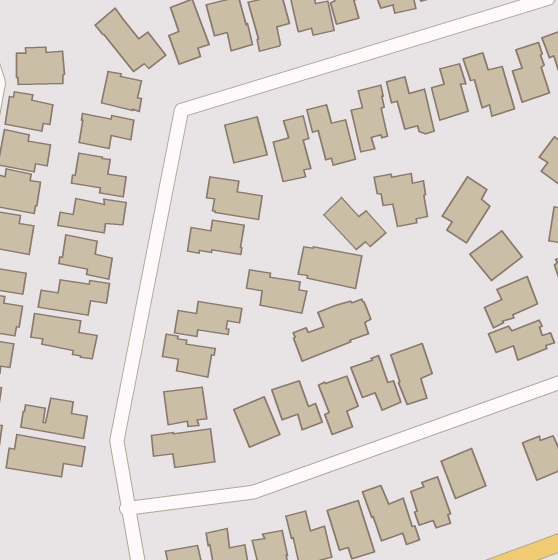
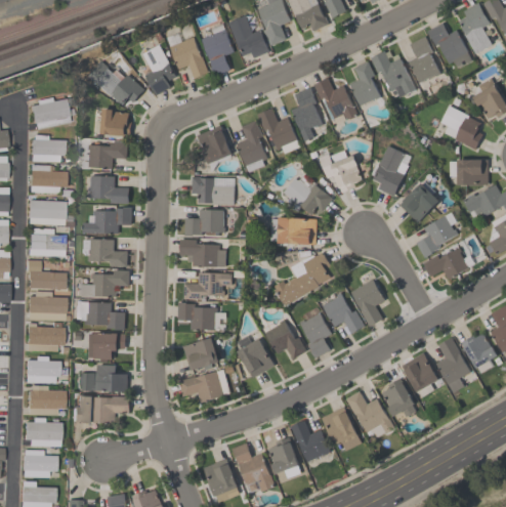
building: [247,270,307,313] -> [180,241,226,267]
building: none -> [88,333,126,360]
building: none -> [436,337,471,392]

